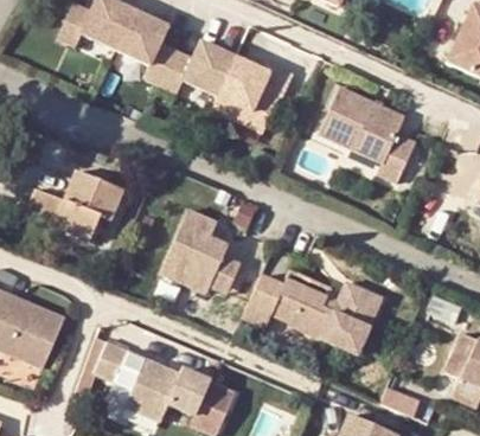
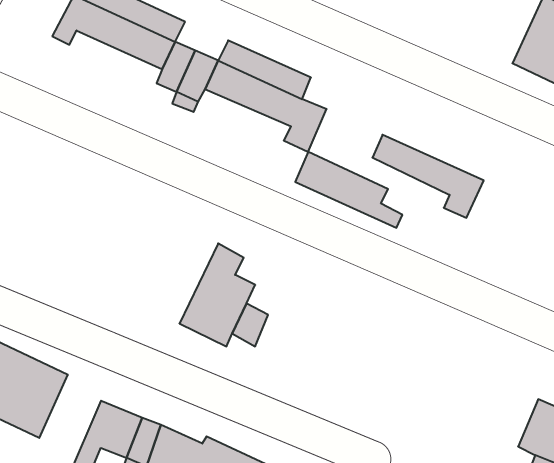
building: [333,94,422,156] -> [295,152,402,228]
building: [26,167,122,239] -> none
building: [243,269,382,353] -> none

